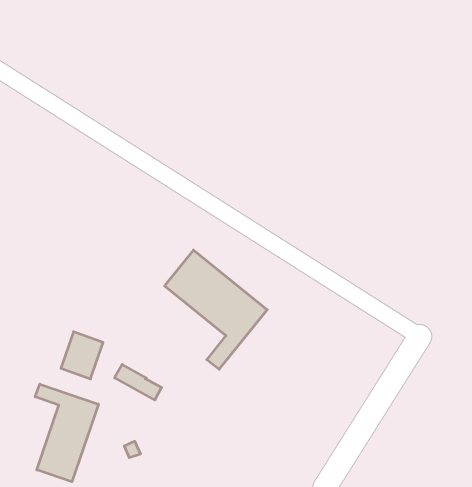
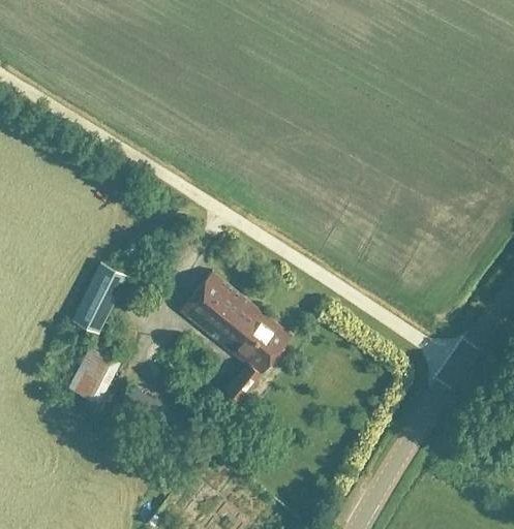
building: none -> [71,262,127,333]
building: [35,384,98,482] -> none

